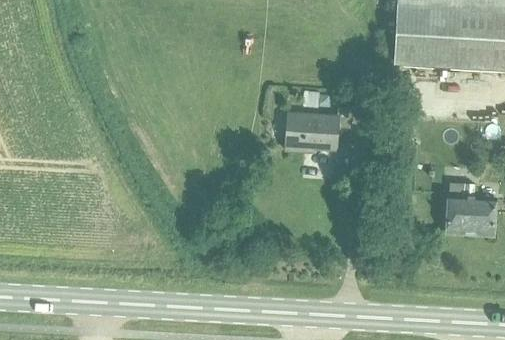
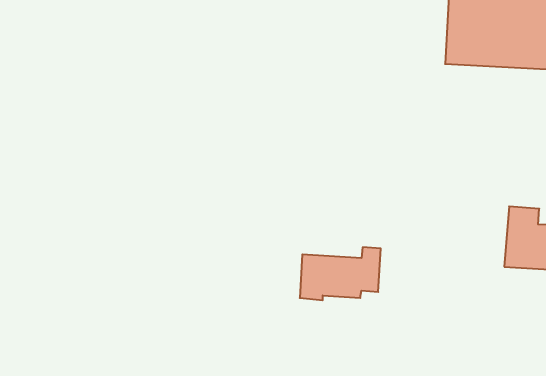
building: [285,107,352,151] -> [300,247,381,300]

